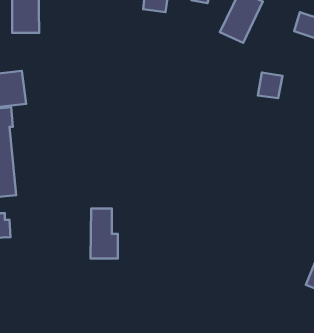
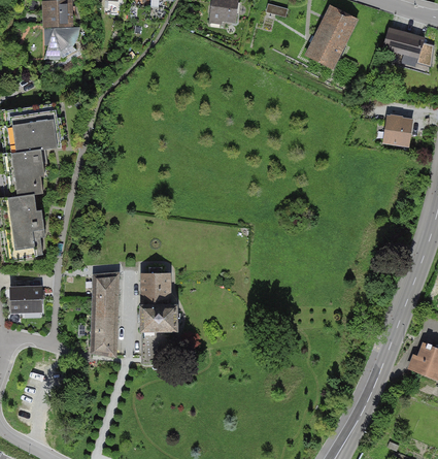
building: [258,73,282,98] -> [382,112,413,144]
building: none -> [91,275,119,357]

